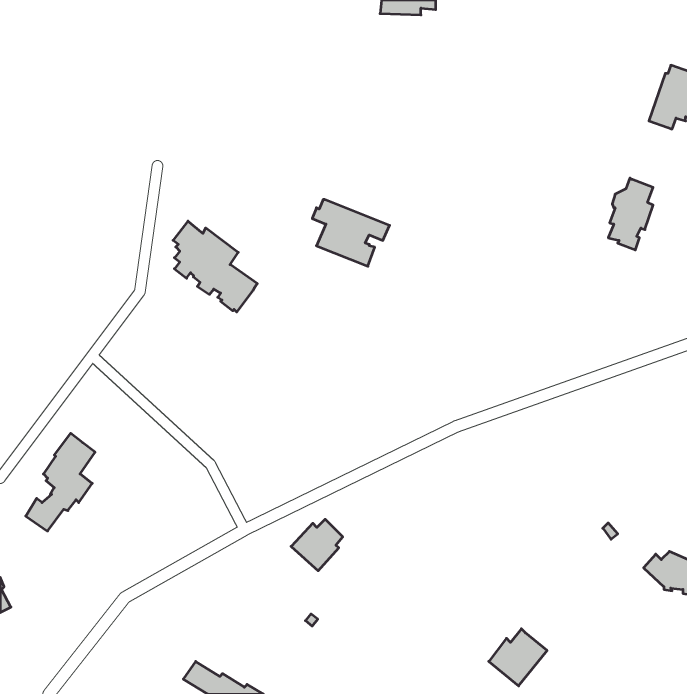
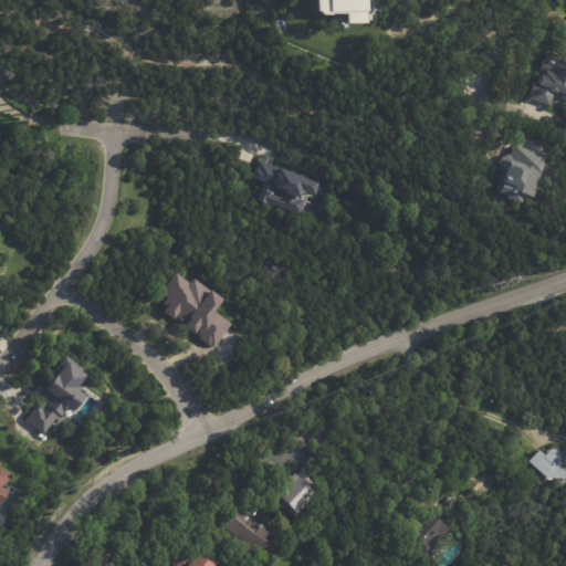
building: [173,221,257,312] -> [169,274,238,348]
building: [291,519,343,571] -> [276,469,318,511]
building: none -> [226,514,276,558]

